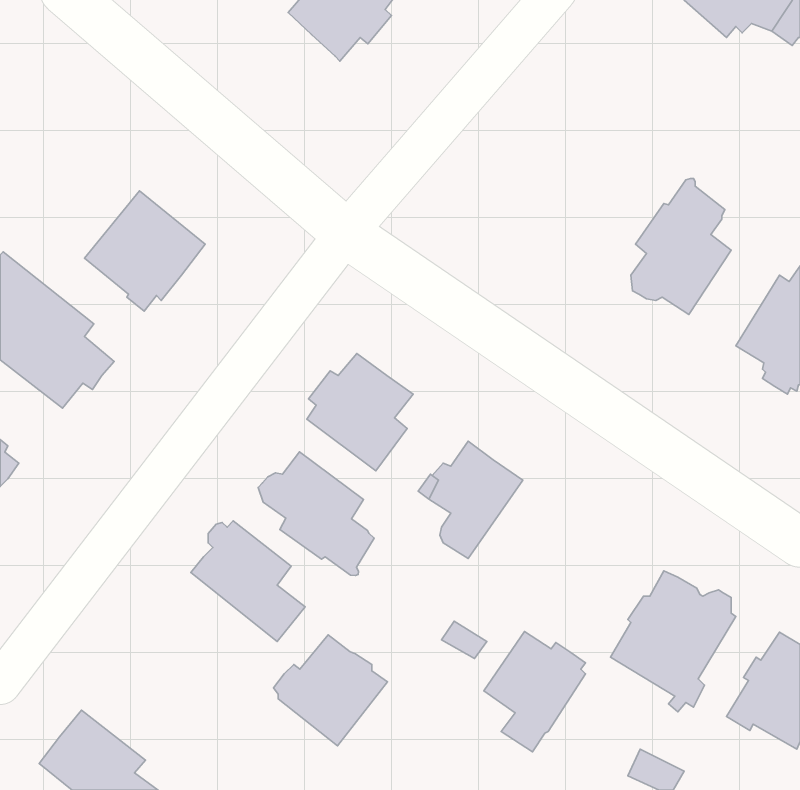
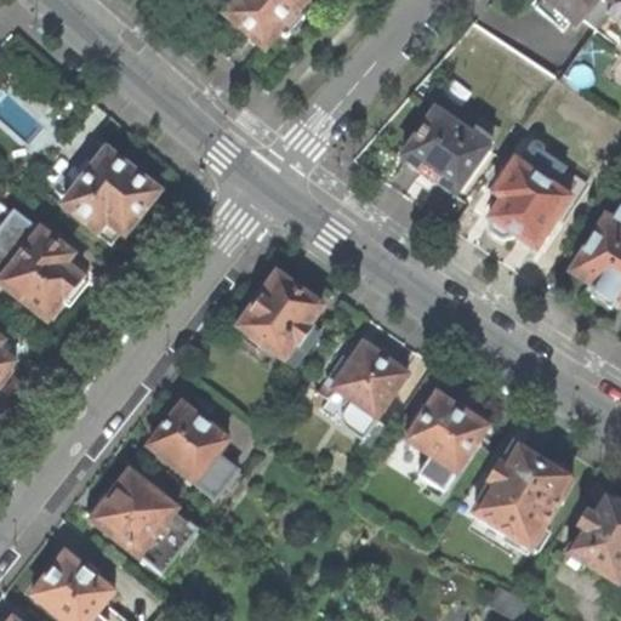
building: none -> [403,107,495,189]
building: [258,452,374,575] -> none
building: [484,631,586,752] -> [406,393,485,486]
building: [273,635,388,746] -> [86,471,175,557]

